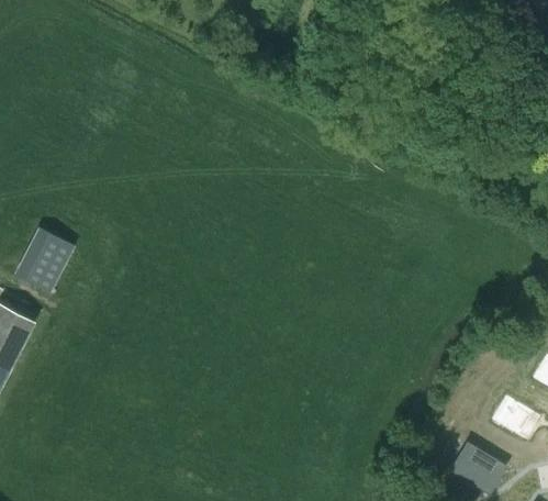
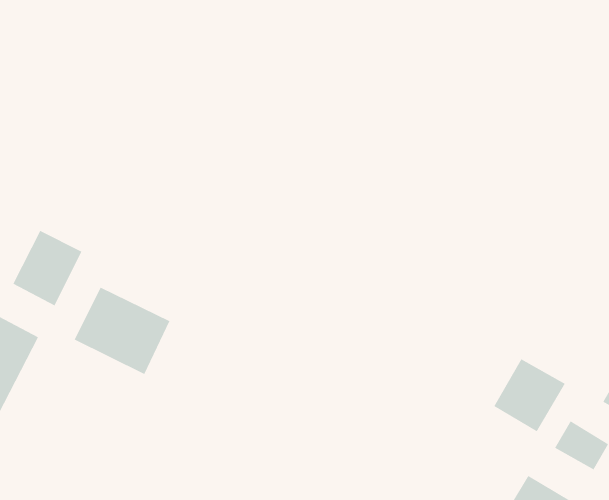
building: none -> [74,287,170,375]
building: none -> [494,359,566,432]

